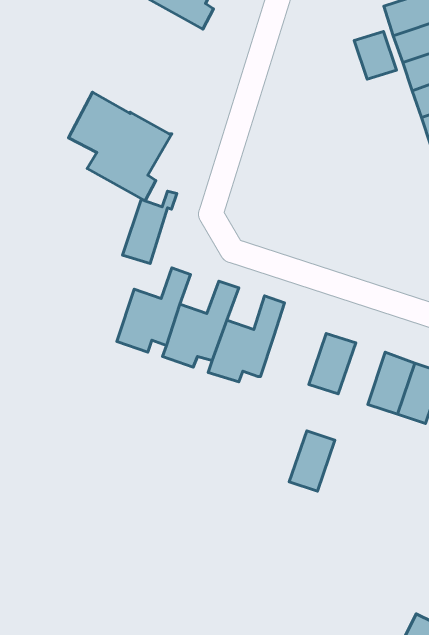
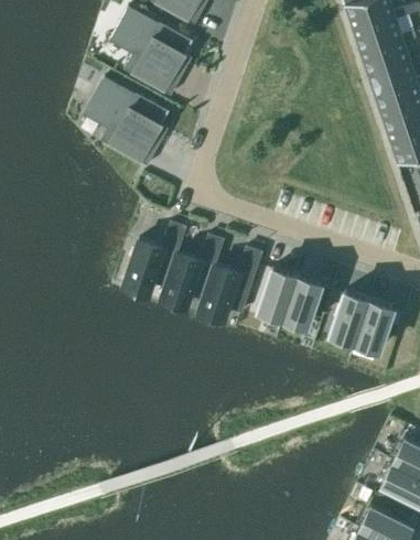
building: none -> [108,8,193,97]
building: [354,31,396,79] -> none
building: [122,191,177,264] -> none
building: [289,431,335,491] -> [259,269,297,318]

